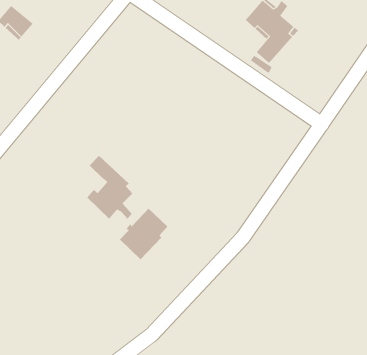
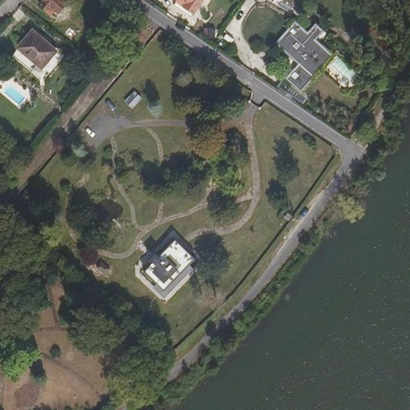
building: [86,155,133,219] -> none

